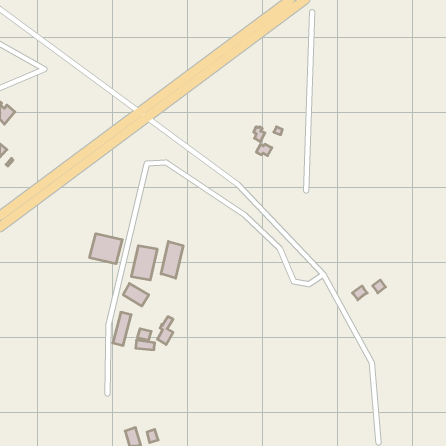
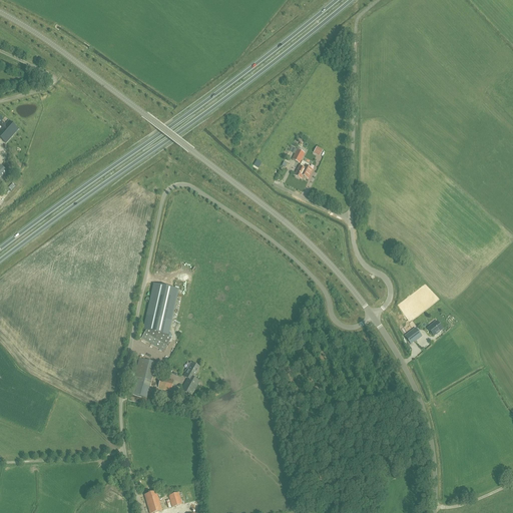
building: [90,234,122,264] -> none
building: [161,241,183,278] -> none

